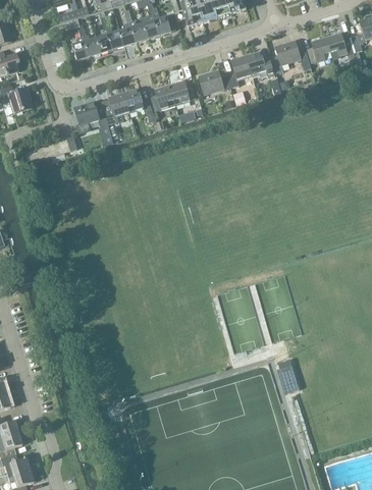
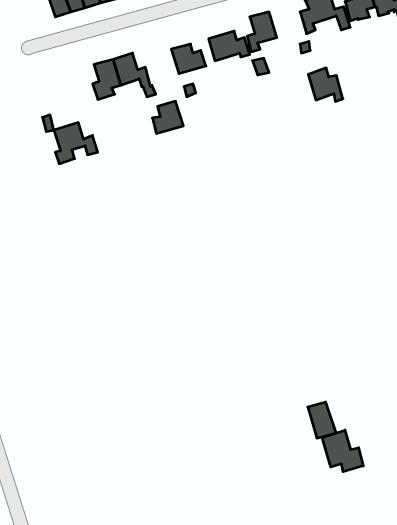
building: [247,49,274,75] -> [308,68,343,101]
building: [151,84,175,109] -> [152,101,183,133]
building: [74,101,109,133] -> [54,123,98,164]
building: none -> [322,430,363,472]

